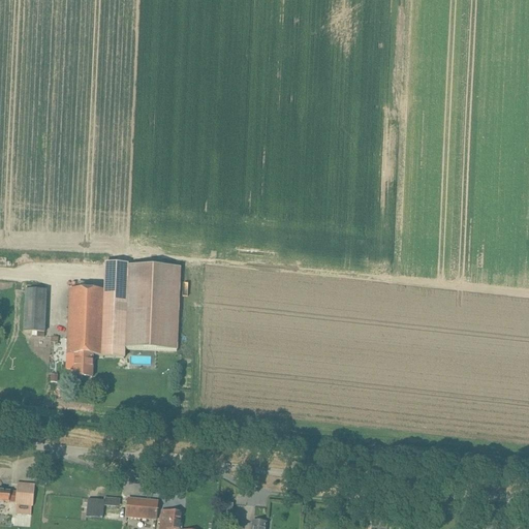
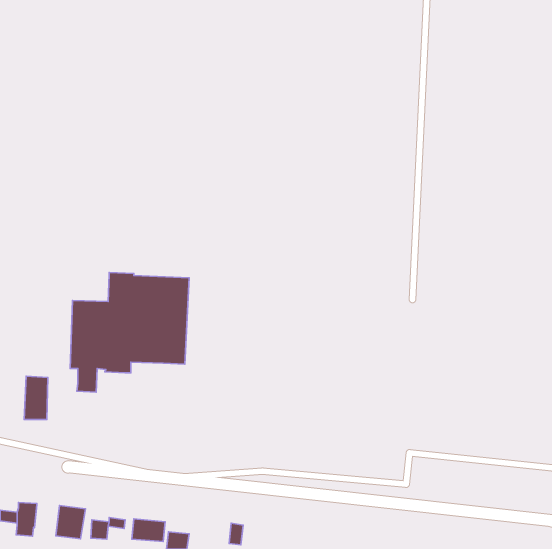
building: [24,288,46,330] -> [24,376,48,420]
building: none -> [56,506,85,539]

